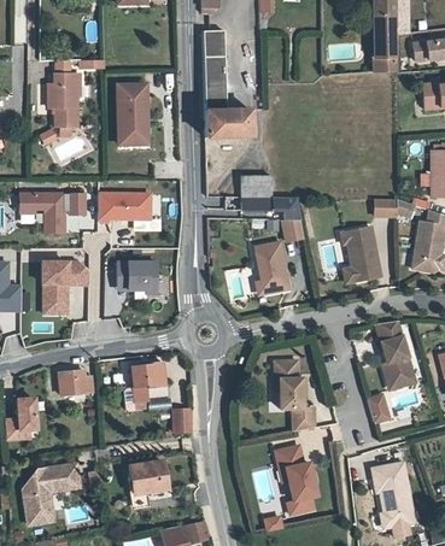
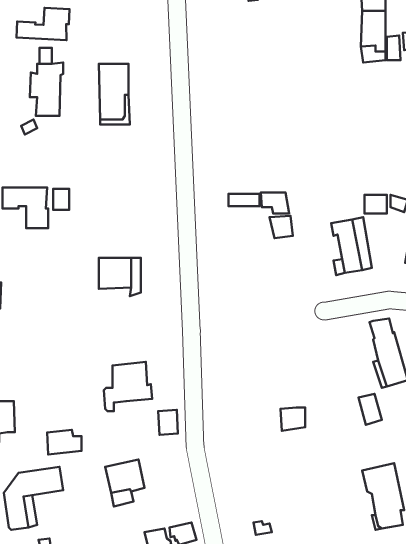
building: none -> [16,8,70,40]
building: [204,31,252,139] -> none
building: [241,176,265,199] -> none
building: [98,193,150,221] -> none
building: [256,243,289,294] -> none
building: [43,262,89,315] -> none
building: [275,360,308,409] -> none
building: [55,371,89,395] -> [47,430,82,455]
building: [276,446,318,515] -> none

